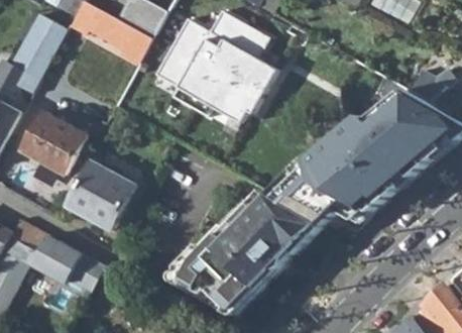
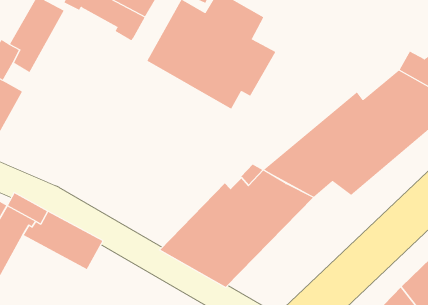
building: [22,112,84,174] -> none
building: [69,161,134,229] -> none

